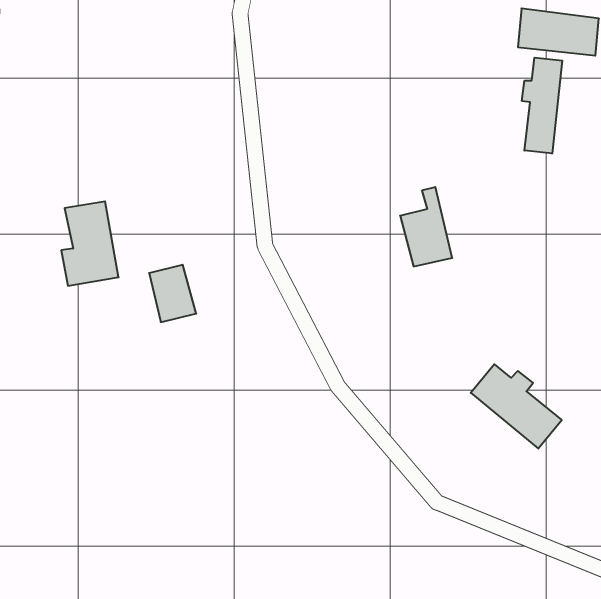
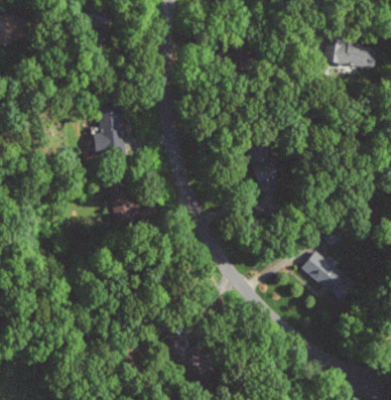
building: [522,58,562,154] -> none
building: [61,201,119,286] -> [91,105,125,155]

